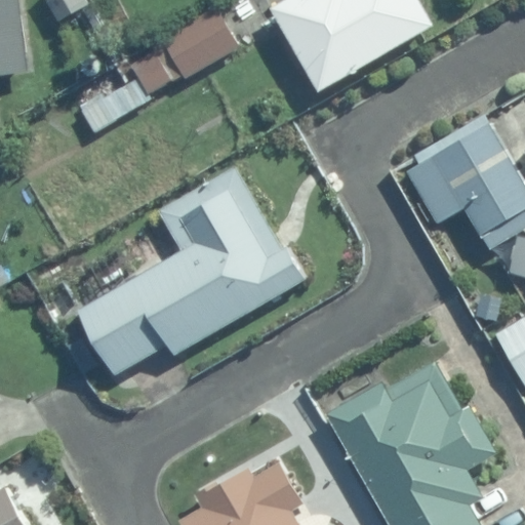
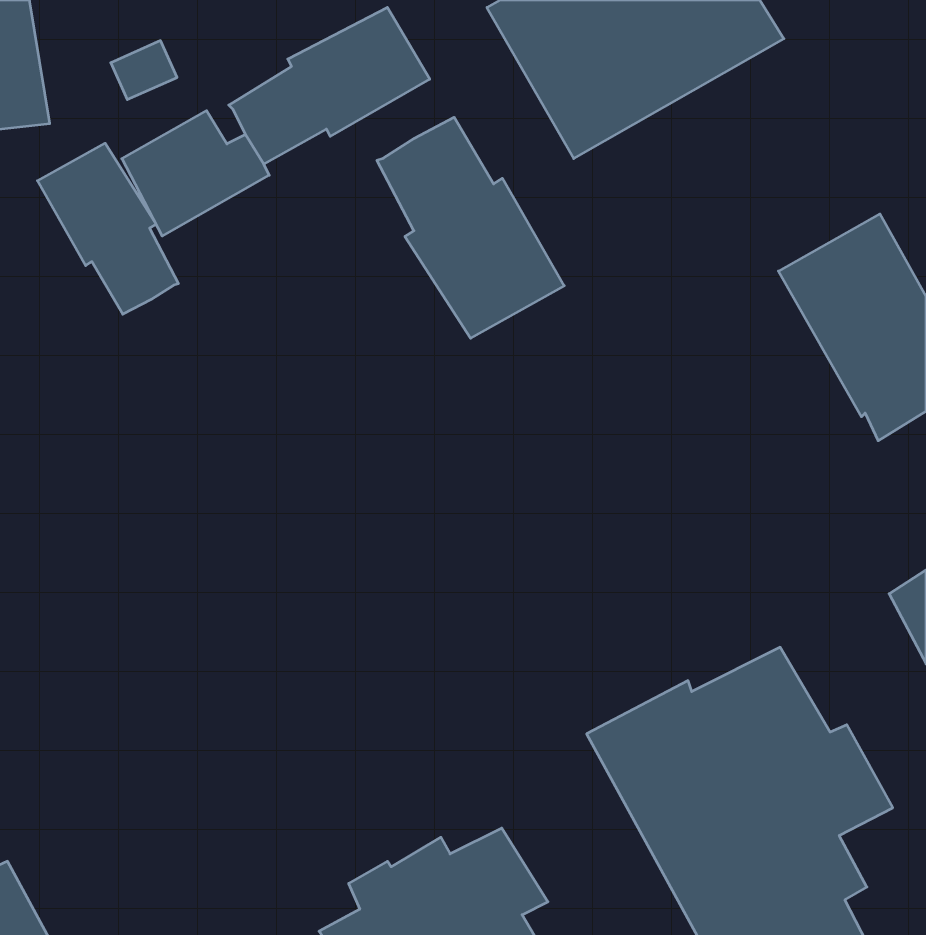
building: none -> [377,117,564,338]
building: none -> [37,143,178,314]
building: [79,167,307,374] -> none

